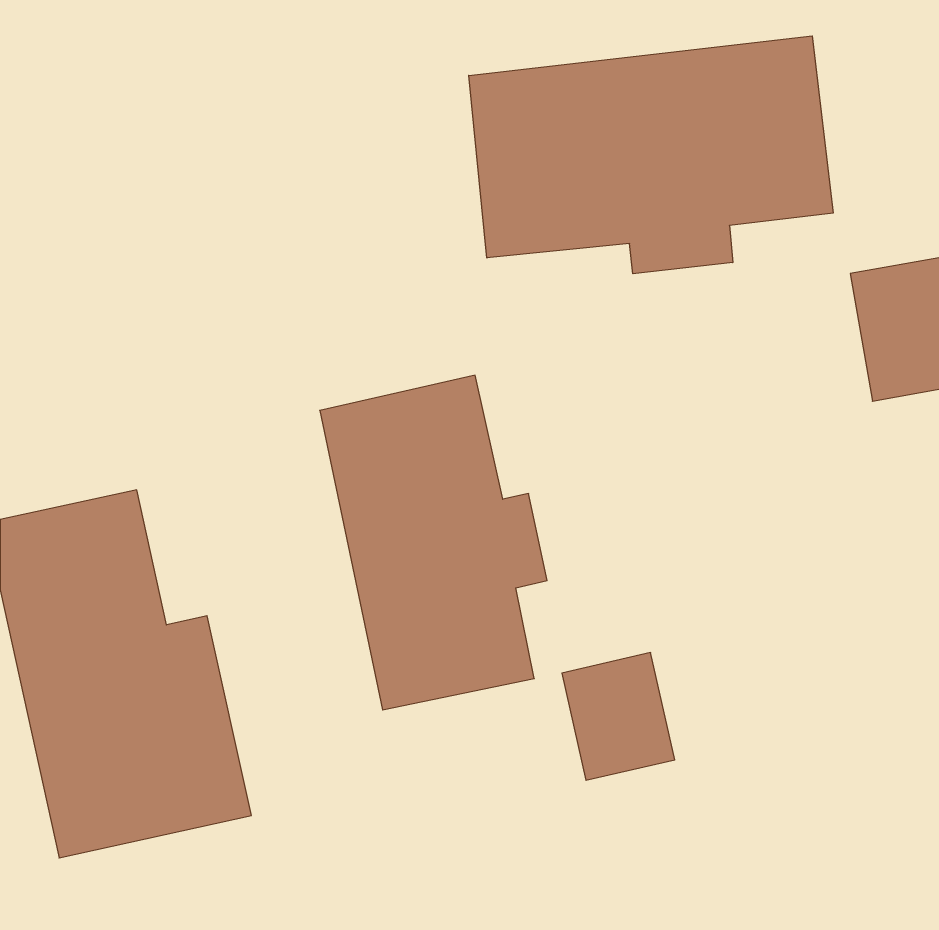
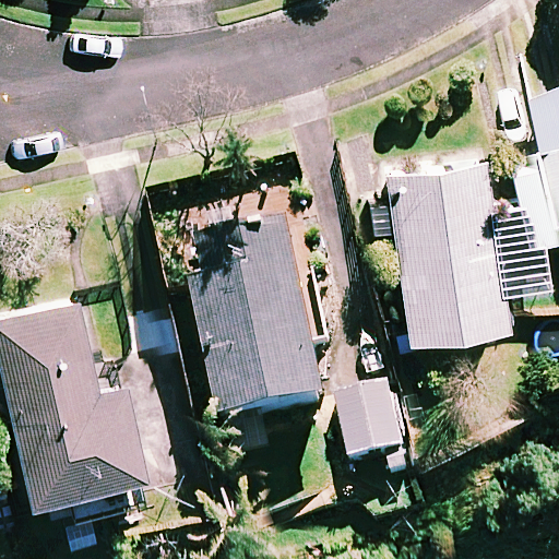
building: [469,36,833,274] -> none
building: none -> [385,163,501,335]

